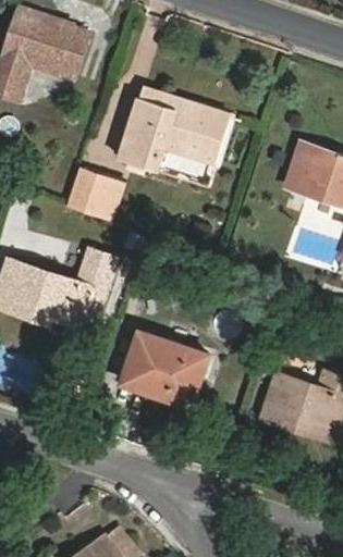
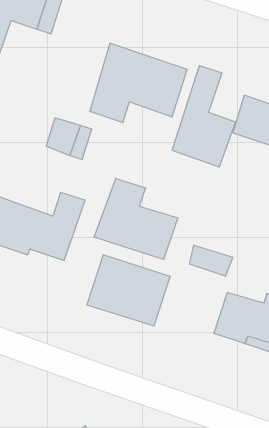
building: none -> [172,66,235,167]
building: none -> [94,178,178,259]
building: none -> [190,245,233,276]

